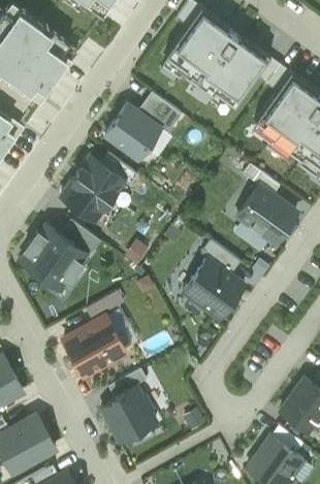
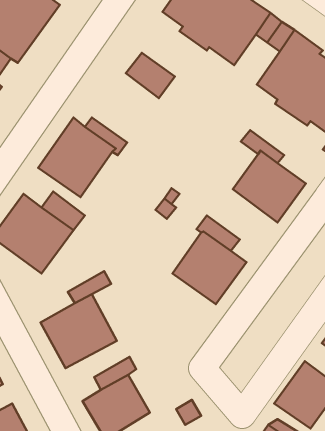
building: [103,105,163,164] -> none

